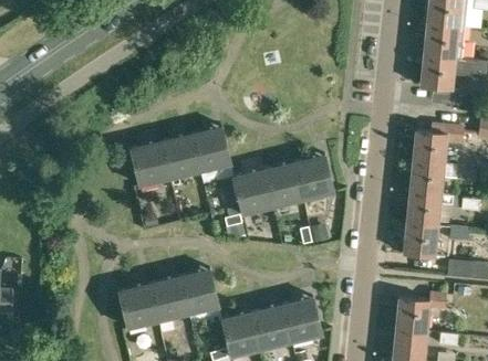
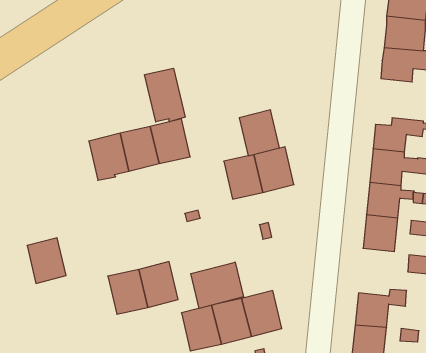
building: none -> [145,68,185,122]
building: [233,169,273,214] -> [239,110,279,156]
building: none -> [191,262,244,308]
building: [120,283,158,328] -> [27,238,66,283]

